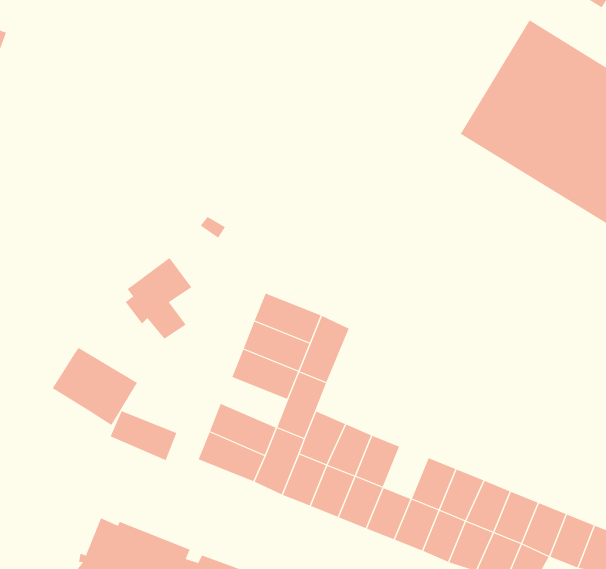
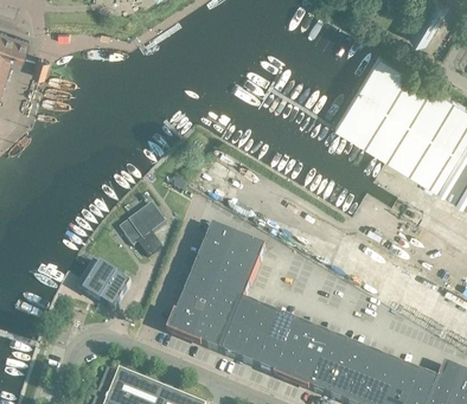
building: [110,410,177,461] -> [184,281,226,313]
building: none -> [287,325,315,358]

